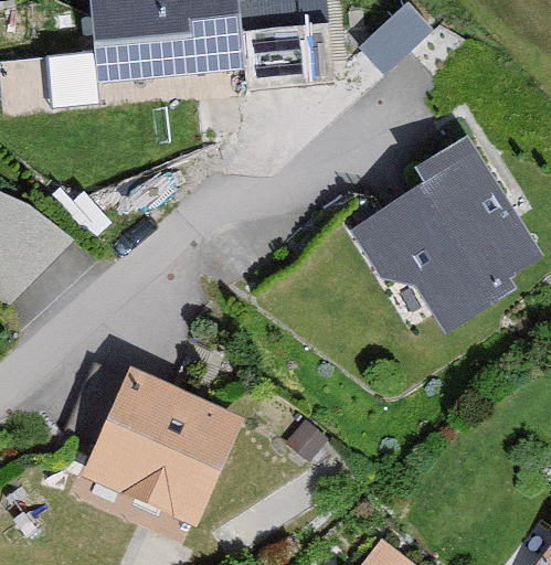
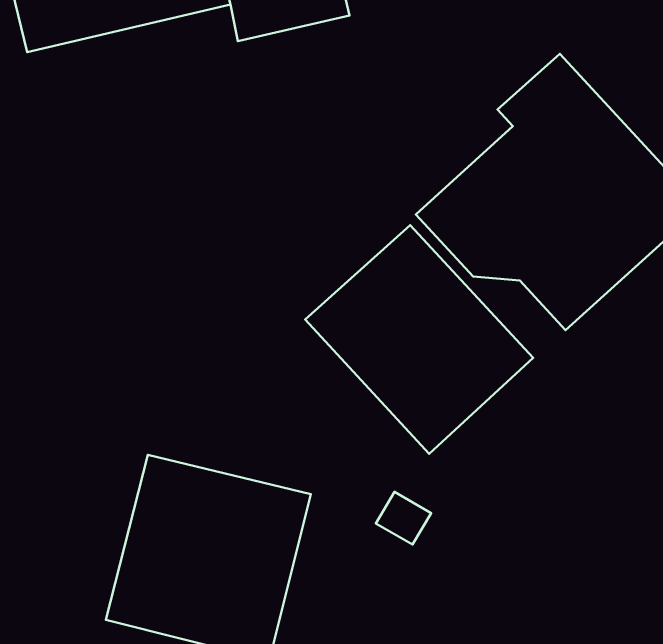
building: none -> [305,225,533,454]

